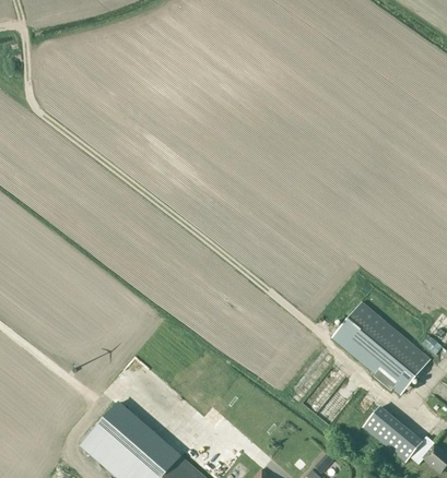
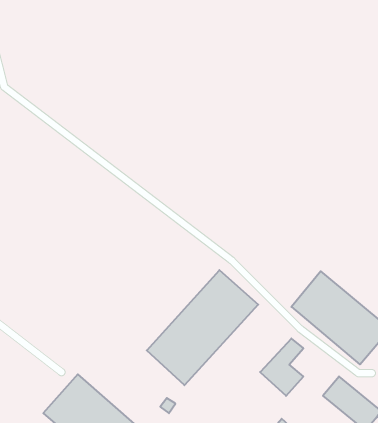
building: none -> [147,270,258,385]

